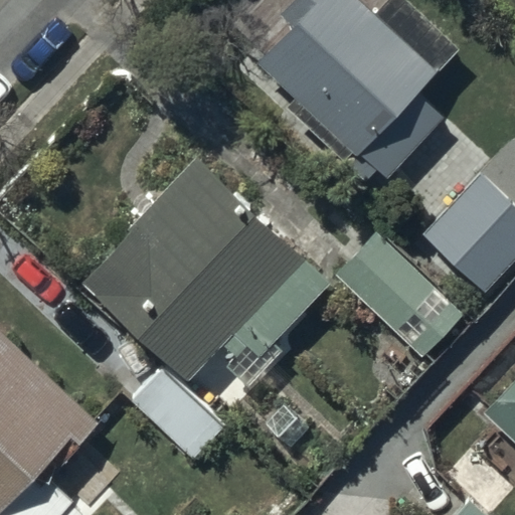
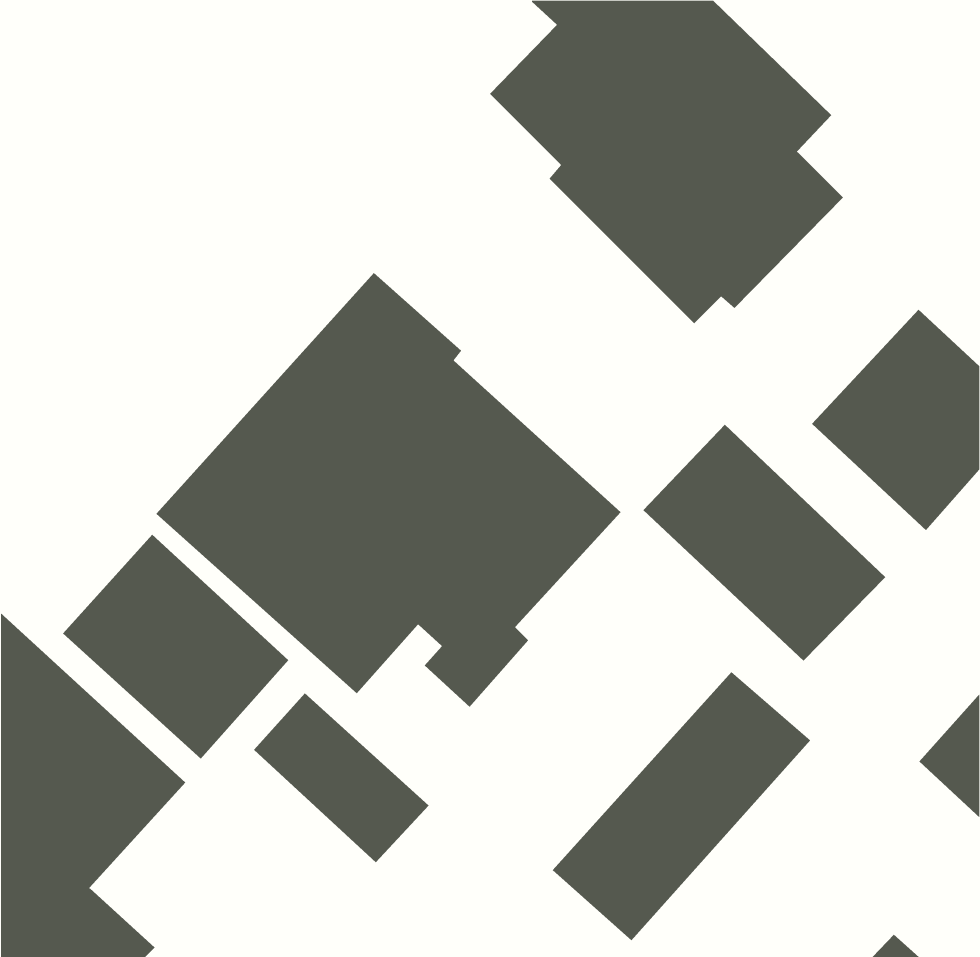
building: none -> [62,534,289,759]
building: none -> [552,671,811,941]

